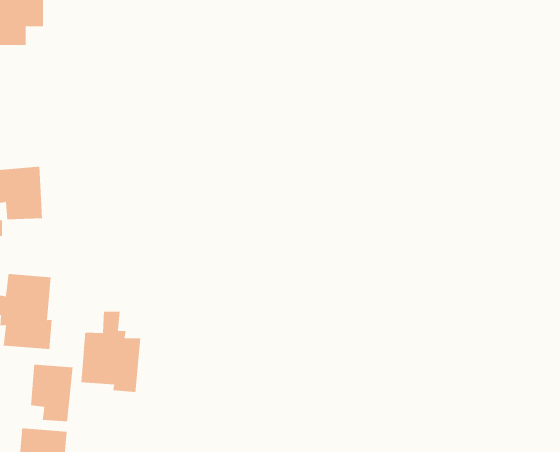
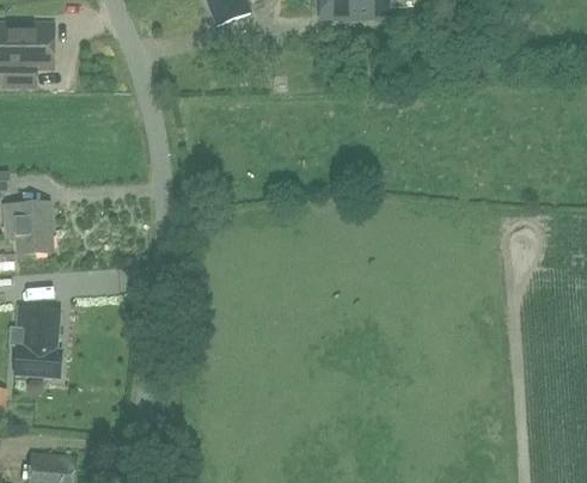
building: [81,311,141,393] -> none
building: [31,364,73,422] -> none

